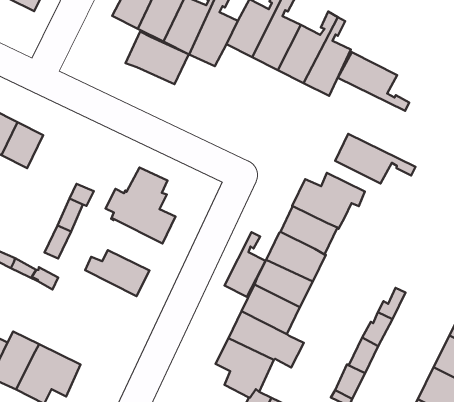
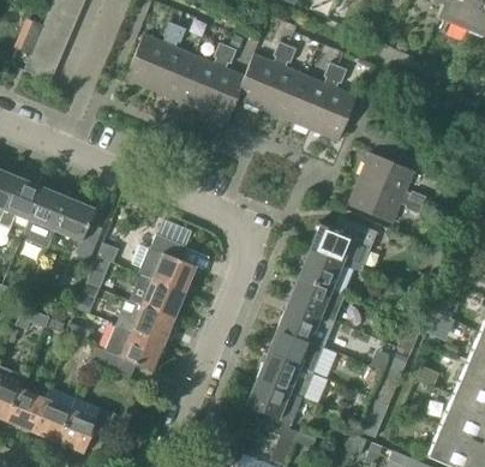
building: [125,31,189,84] -> none
building: [338,52,409,111] -> [358,152,427,205]
building: none -> [54,197,103,258]
building: none -> [128,273,187,319]
building: [225,232,266,297] -> none
building: none -> [90,323,166,377]

